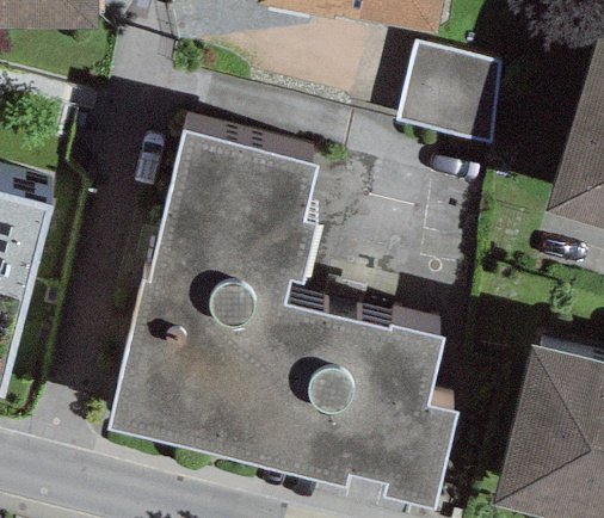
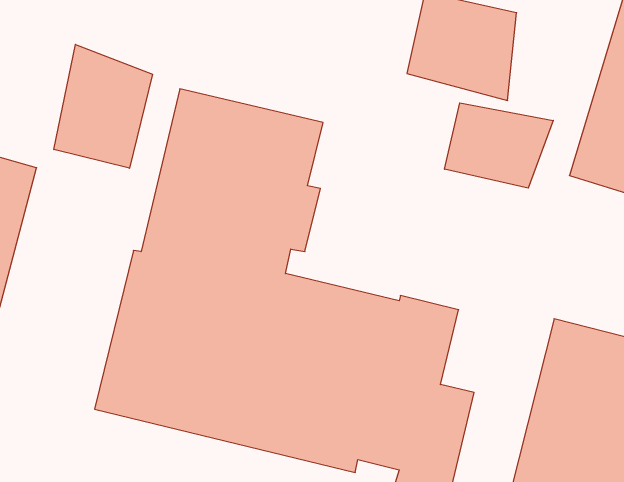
building: none -> [54,44,152,168]
building: none -> [445,103,553,188]

